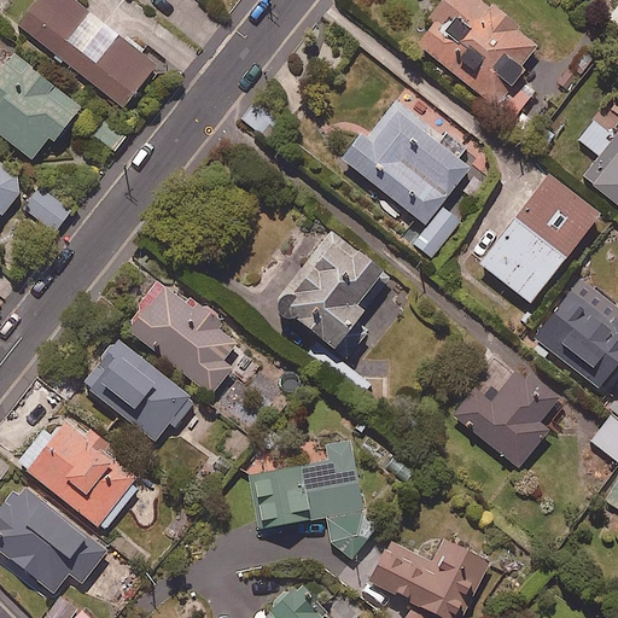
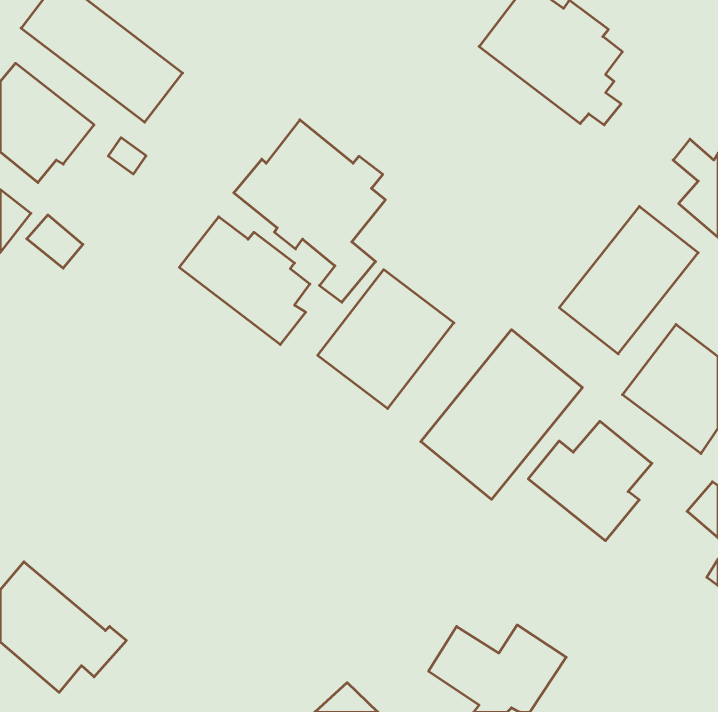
building: [339,99,470,256] -> [234,120,385,302]
building: none -> [421,330,582,499]
building: [124,285,237,395] -> [179,217,310,345]
building: [83,342,194,445] -> none
building: [25,421,135,529] -> none
building: [250,441,374,558] -> none

